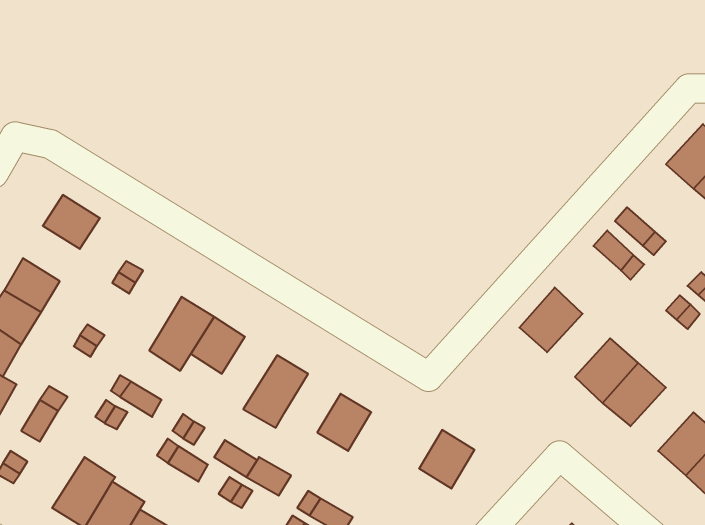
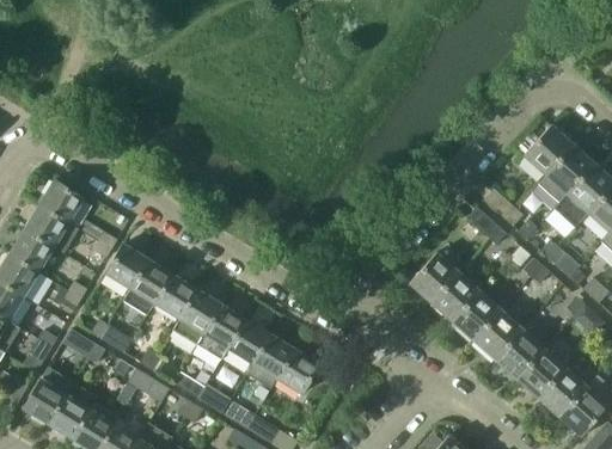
building: none -> [24,204,79,253]
building: none -> [105,245,147,289]
building: none -> [430,272,479,321]
building: none -> [171,290,221,346]
building: none -> [227,319,270,364]
building: none -> [495,330,544,379]
building: [419,430,475,489] -> [276,349,319,394]
building: none -> [23,368,72,423]

